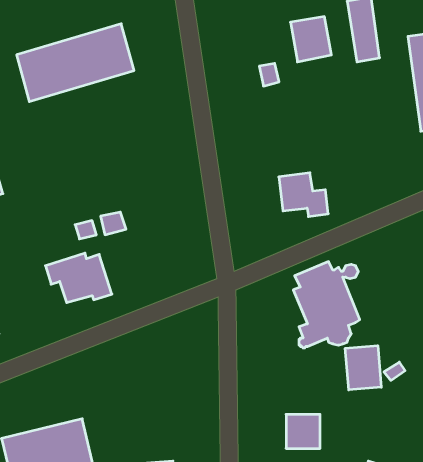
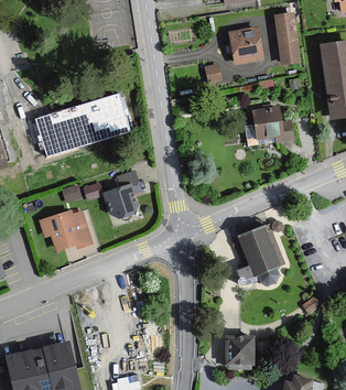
building: [17,24,134,102] -> [36,94,128,154]
building: [279,173,328,217] -> [253,107,292,141]
building: none -> [104,171,139,217]
building: [345,346,381,390] -> none

